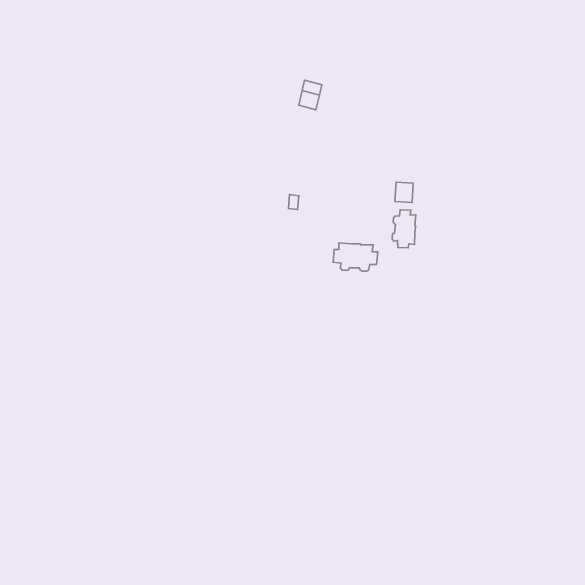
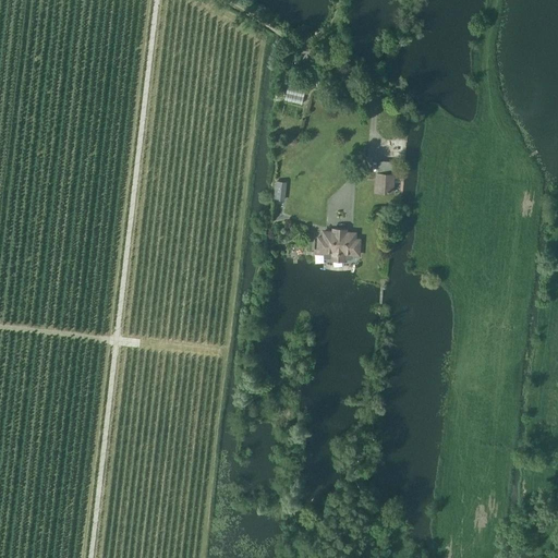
building: [392,210,416,248] -> none

